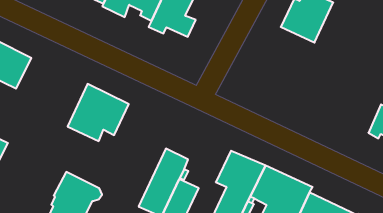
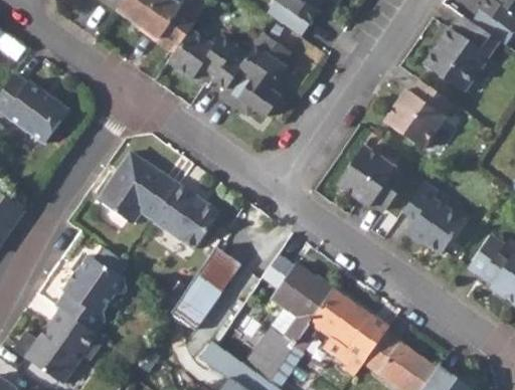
building: none -> [337,146,407,211]
building: none -> [401,183,464,255]
building: none -> [155,185,222,251]

